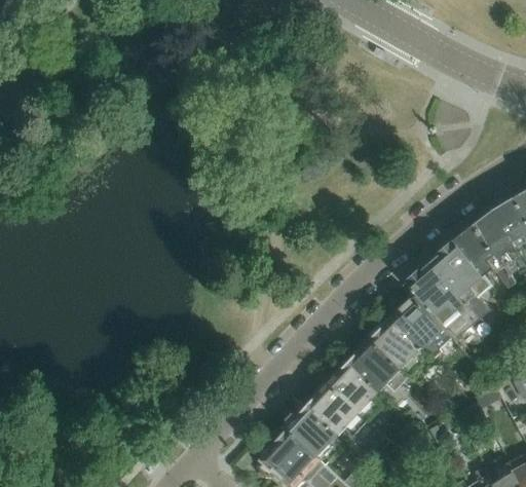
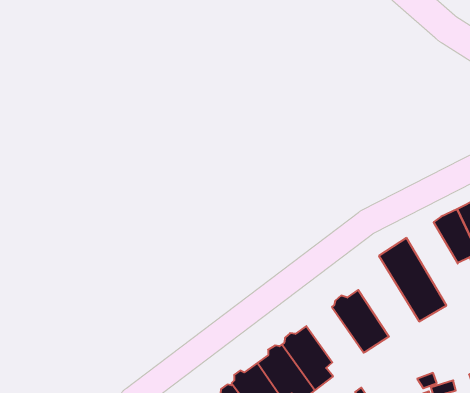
building: [431,239,493,317] -> none
building: [393,296,454,359] -> none
building: [349,337,409,390] -> none

